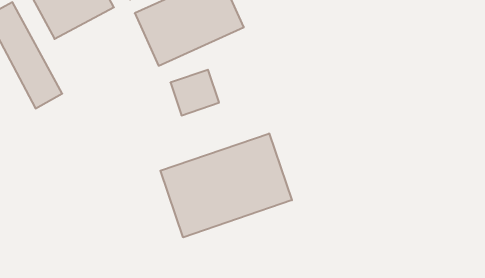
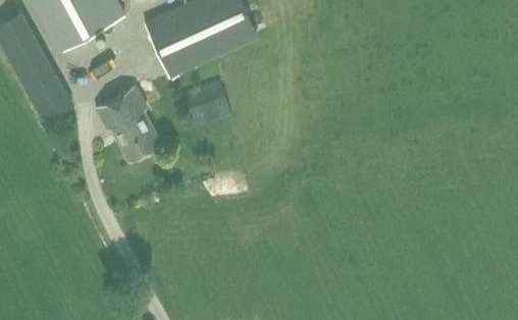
building: none -> [97,88,161,160]
building: [160,133,292,237] -> none

